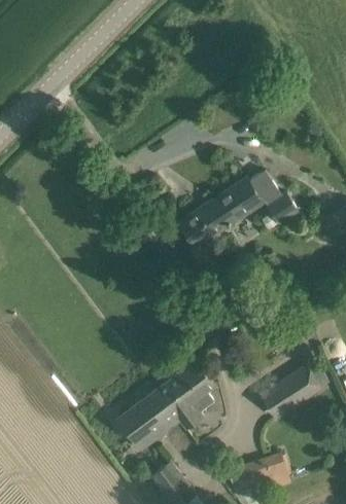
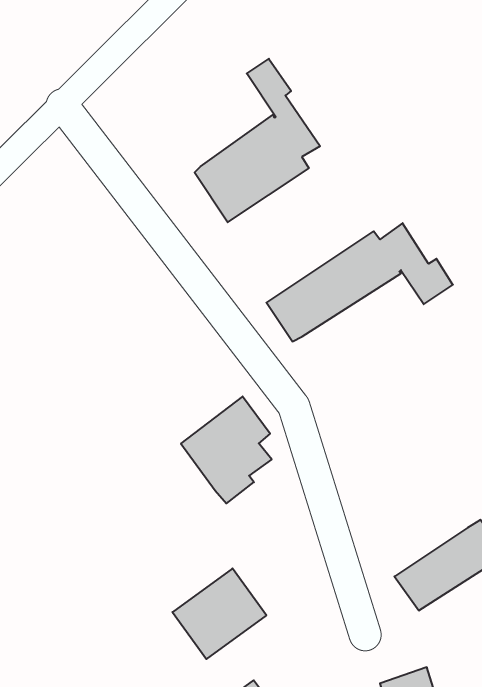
building: none -> [195,59,320,222]
building: [157,360,214,428] -> [181,396,272,503]

